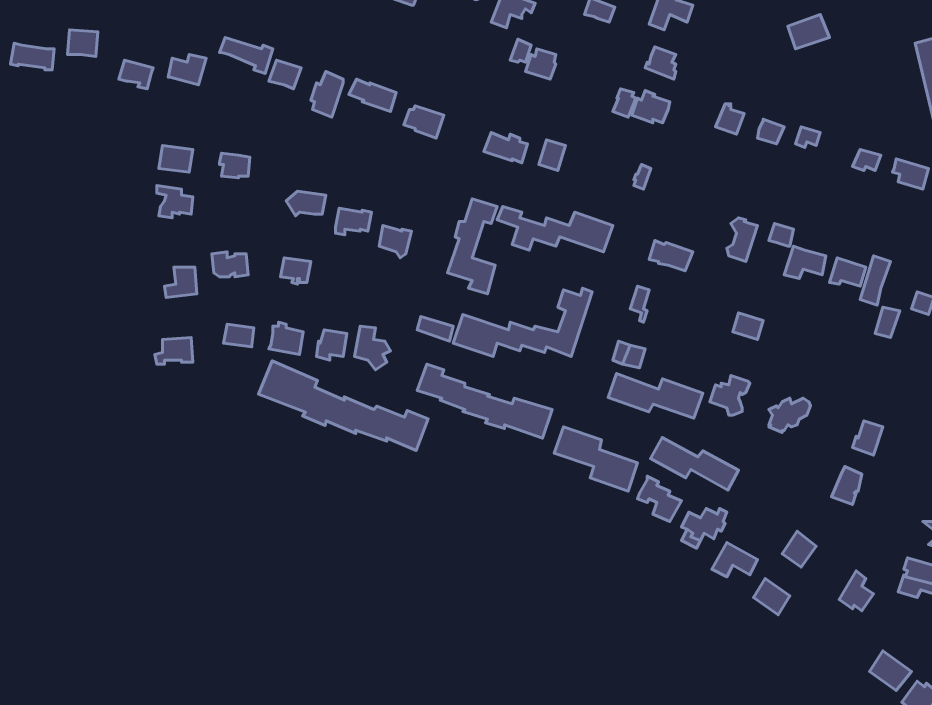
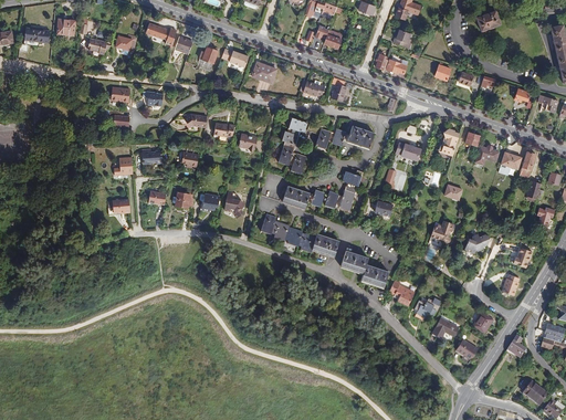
building: [259,361,428,451] -> none
building: [608,374,703,418] -> none
building: [650,438,738,490] -> none

